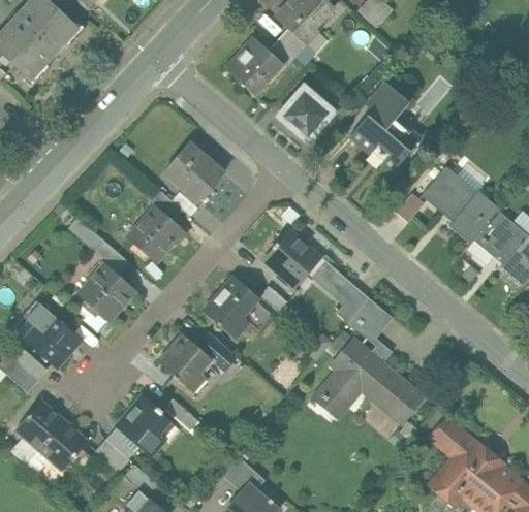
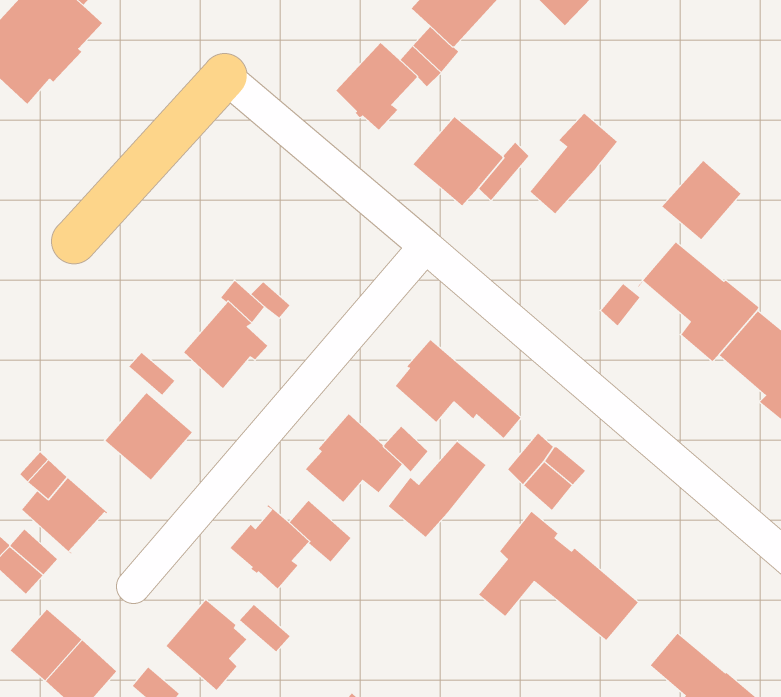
building: [369,119,421,170] -> [661,160,742,240]
building: [164,142,223,201] -> none
building: none -> [388,441,486,538]

